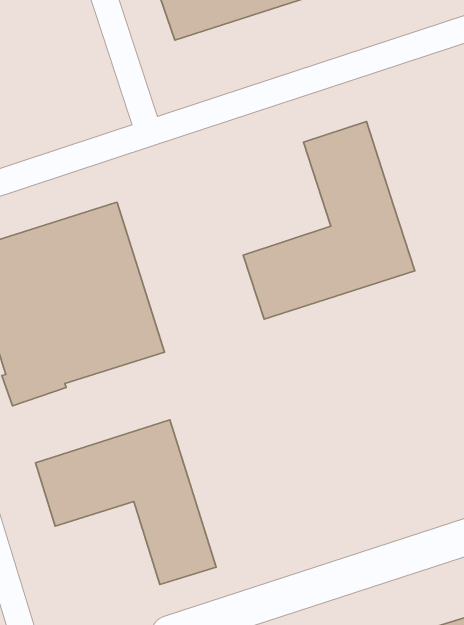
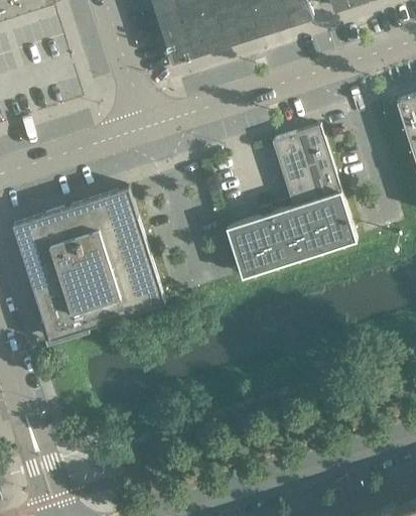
building: [35,420,216,584] -> none

